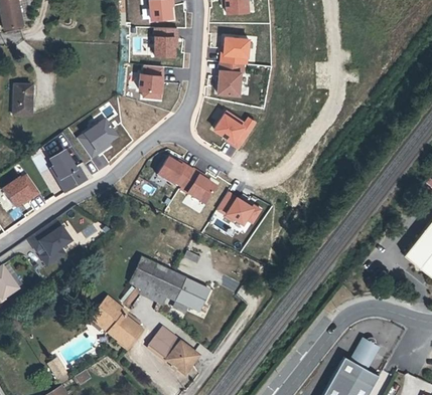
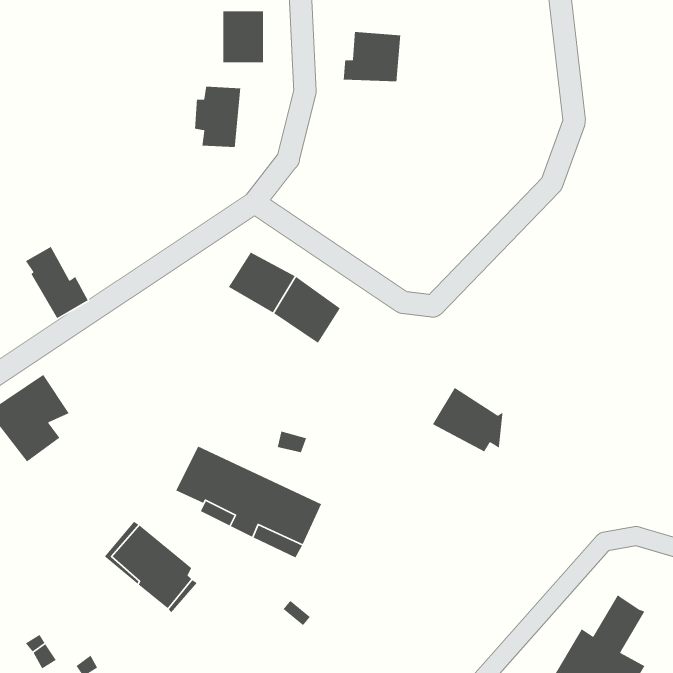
building: [219,71,244,97] -> none
building: [214,114,258,149] -> none
building: [77,118,120,159] -> none
building: [218,190,256,225] -> [432,387,503,453]
building: [149,330,197,374] -> none

